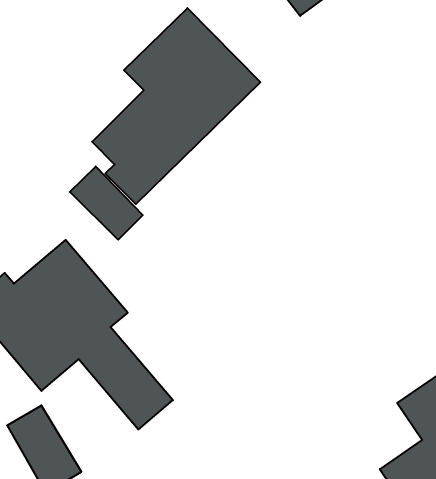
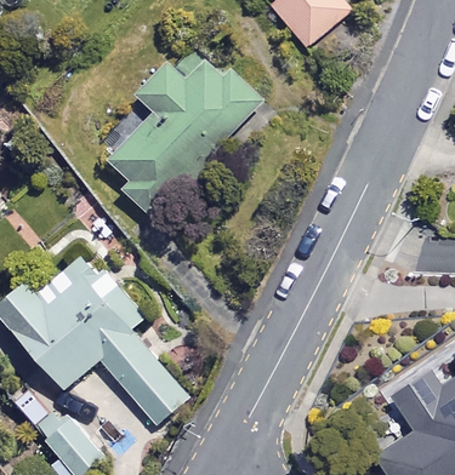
building: [70,166,143,240] -> none

